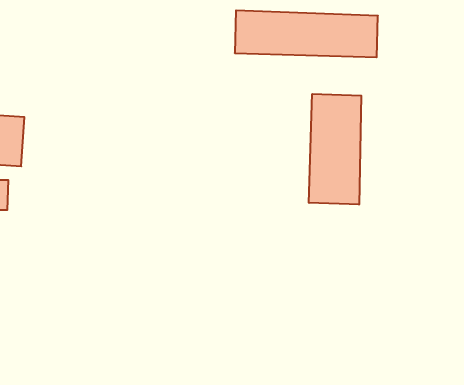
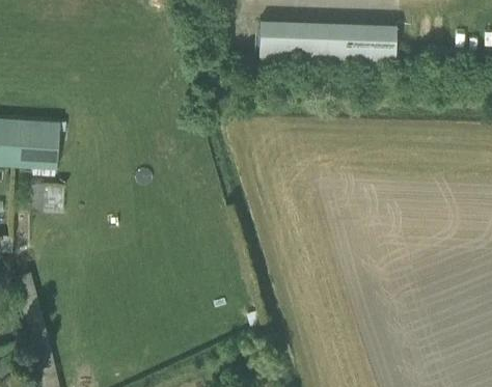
building: [309,94,361,205] -> none

